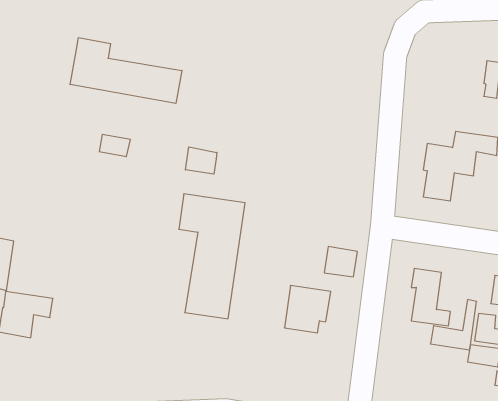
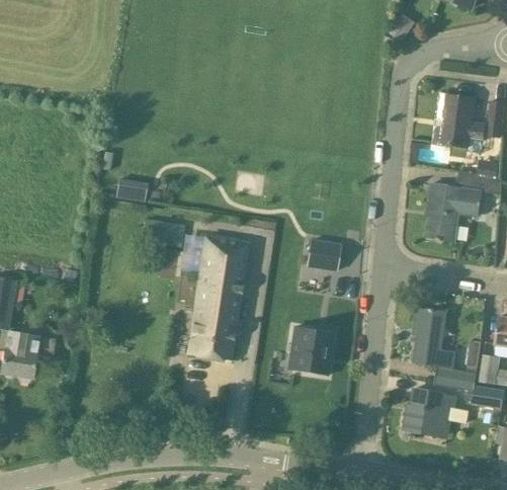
building: [70,38,182,103] -> none
building: none -> [434,95,485,152]
building: [185,147,217,174] -> none
building: [324,247,357,277] -> [308,240,341,270]
building: none -> [404,389,468,436]

